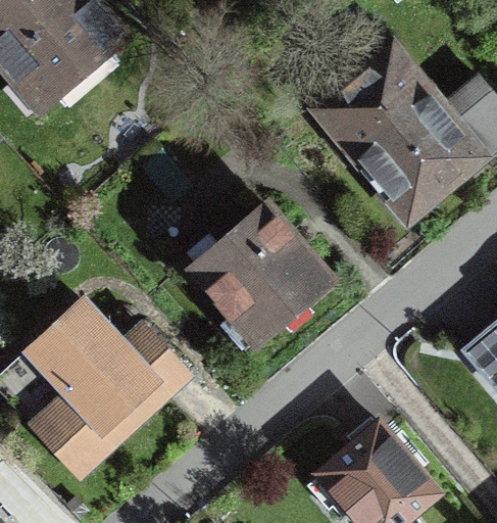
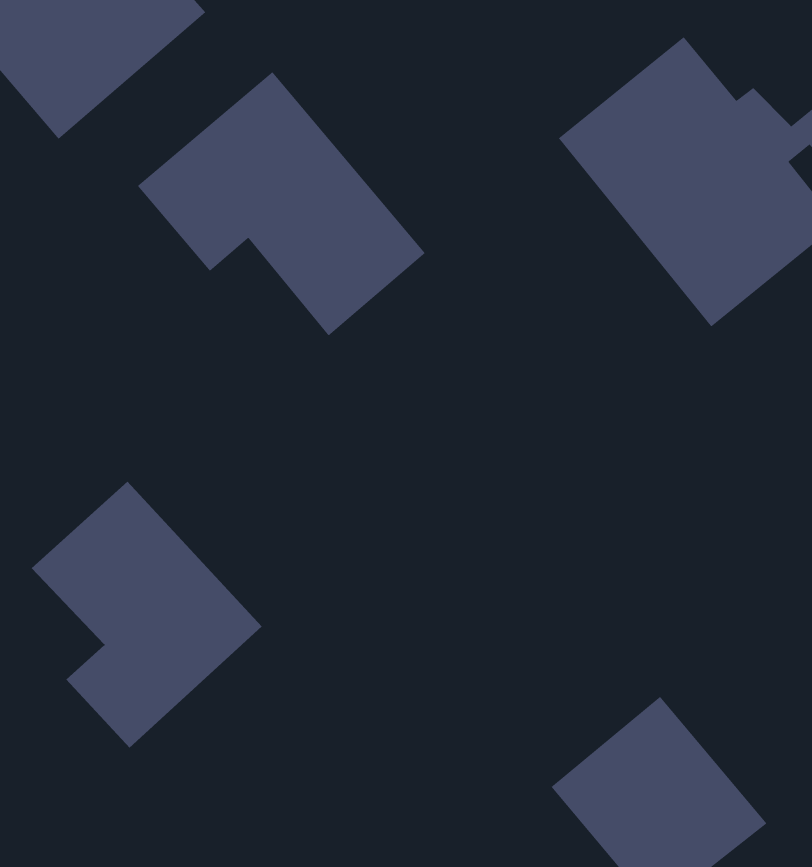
building: none -> [137,71,426,337]
building: [194,209,331,344] -> none

